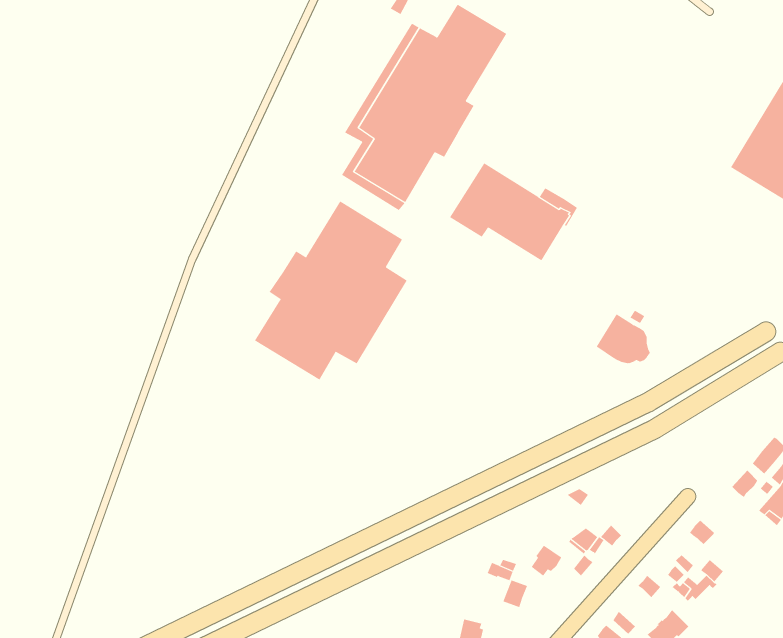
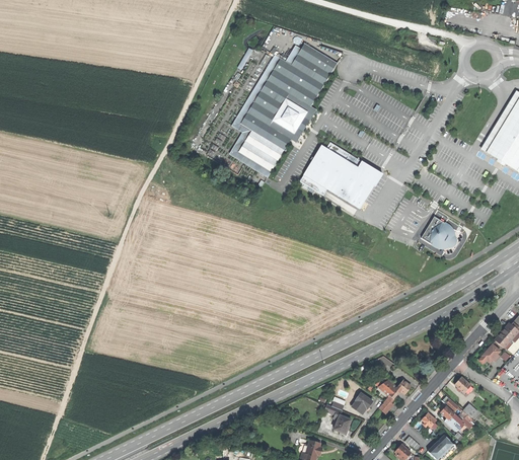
building: [254,200,407,380] -> none
building: [596,314,651,364] -> [422,216,457,248]

